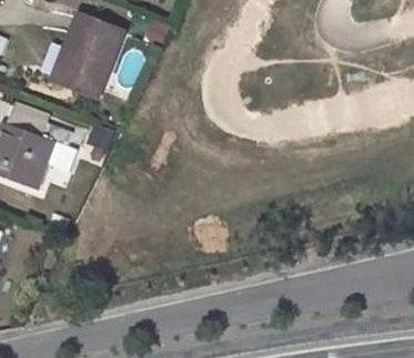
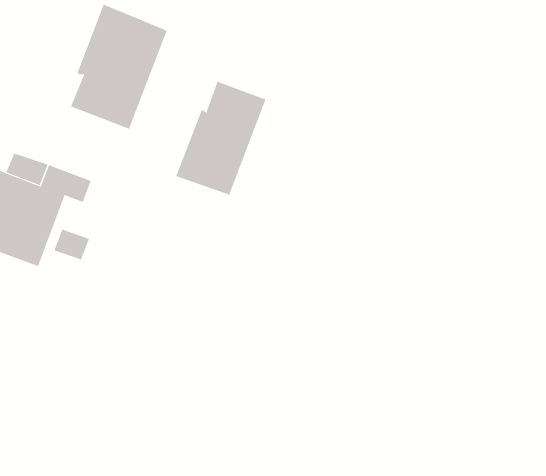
building: none -> [176,81,266,196]

